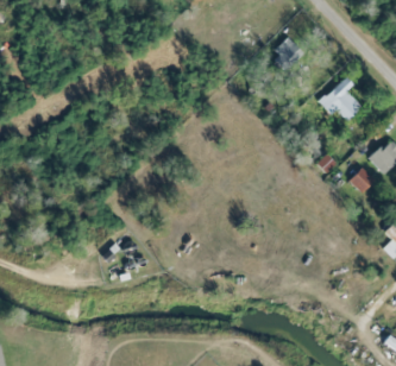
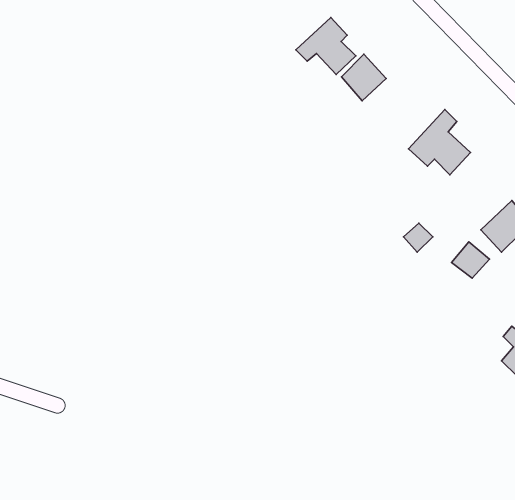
building: none -> [296,18,356,74]

